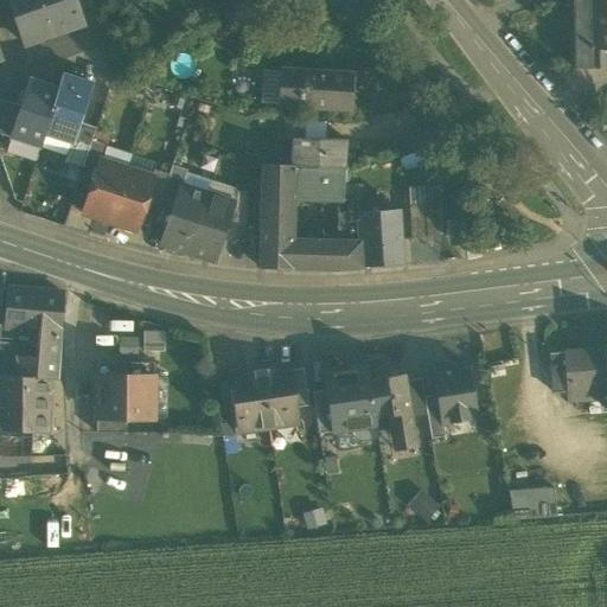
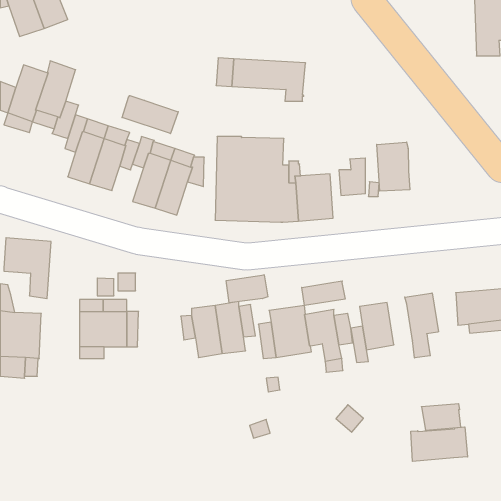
building: none -> [122,96,178,134]
building: [293,126,346,167] -> none
building: none -> [377,142,410,191]
building: none -> [226,275,268,303]
building: none -> [302,281,345,306]
building: none -> [405,293,438,358]
building: [14,356,58,379] -> none
building: none -> [411,427,468,461]

